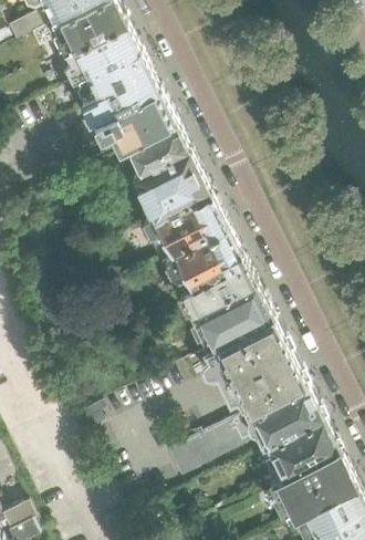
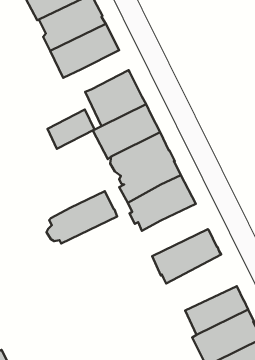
building: [125,117,185,167] -> [47,110,94,149]
building: [196,312,285,378] -> [46,191,117,244]
building: [163,376,322,475] -> none

